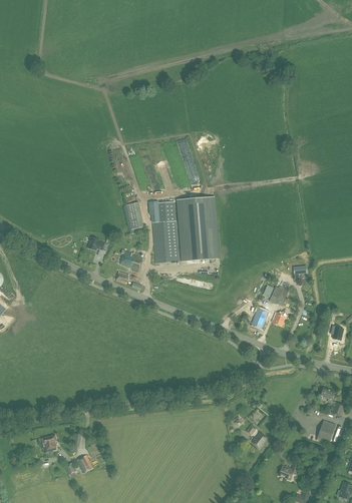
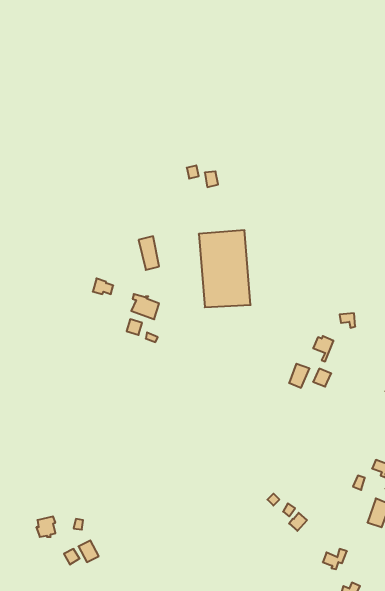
building: [152,201,179,263] -> none

